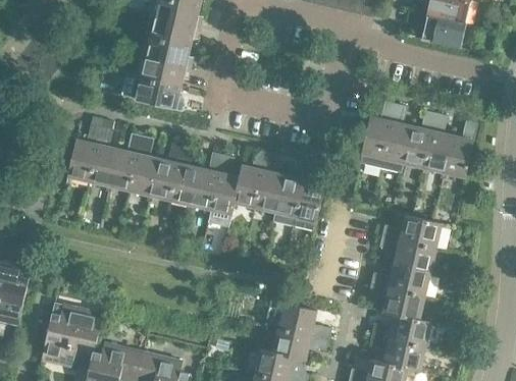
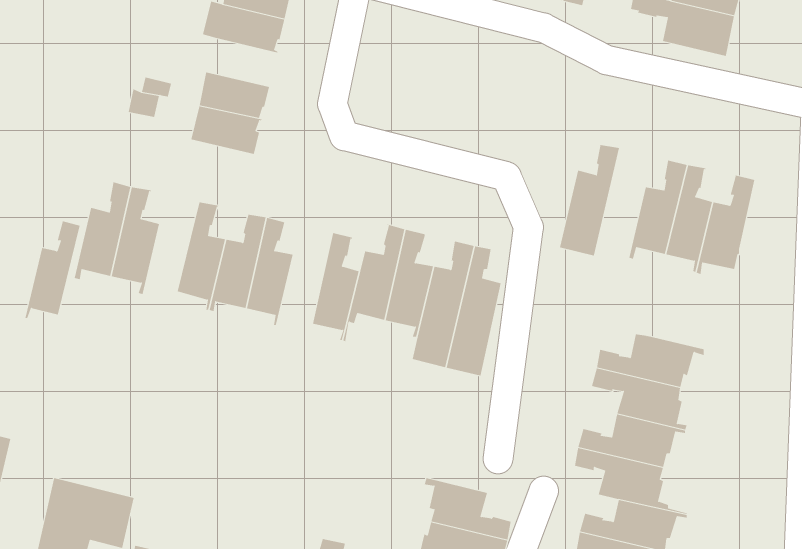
building: [146,37,190,66] -> none
building: [380,103,411,172] -> none
building: [108,132,142,192] -> [25,221,80,319]
building: [189,152,222,211] -> none

